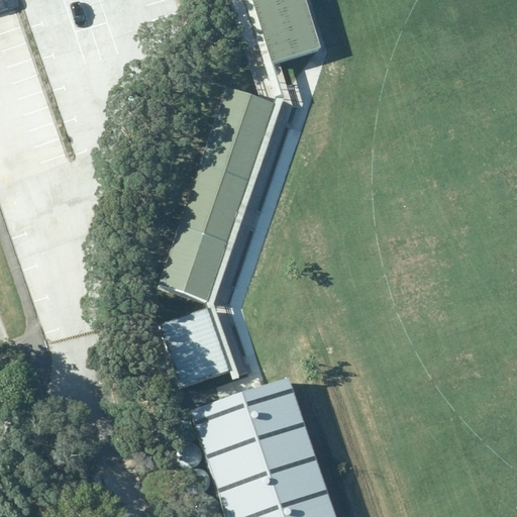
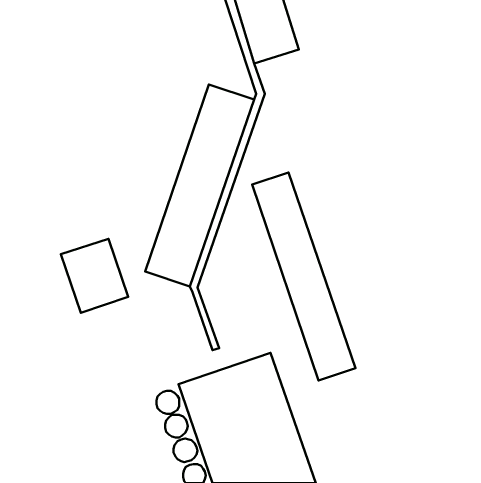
building: none -> [252,172,355,380]
building: [159,311,230,390] -> [61,239,128,313]

